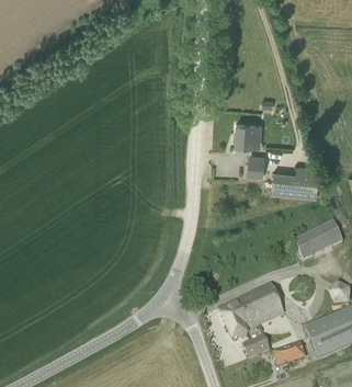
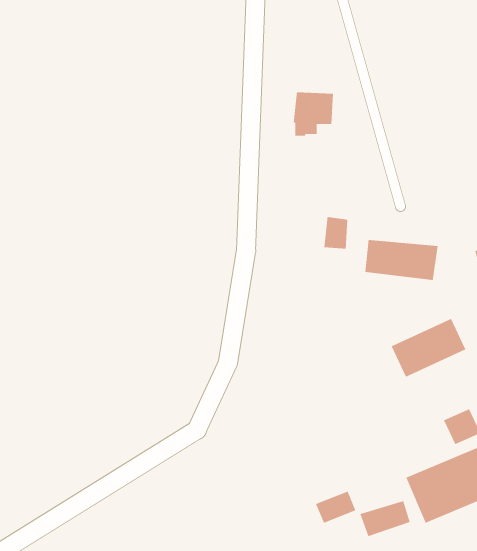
building: [235,122,262,151] -> [293,92,334,136]
building: [218,282,284,340] -> none

